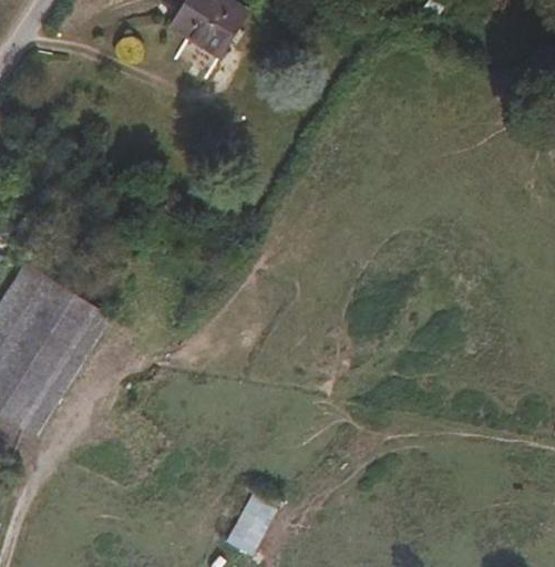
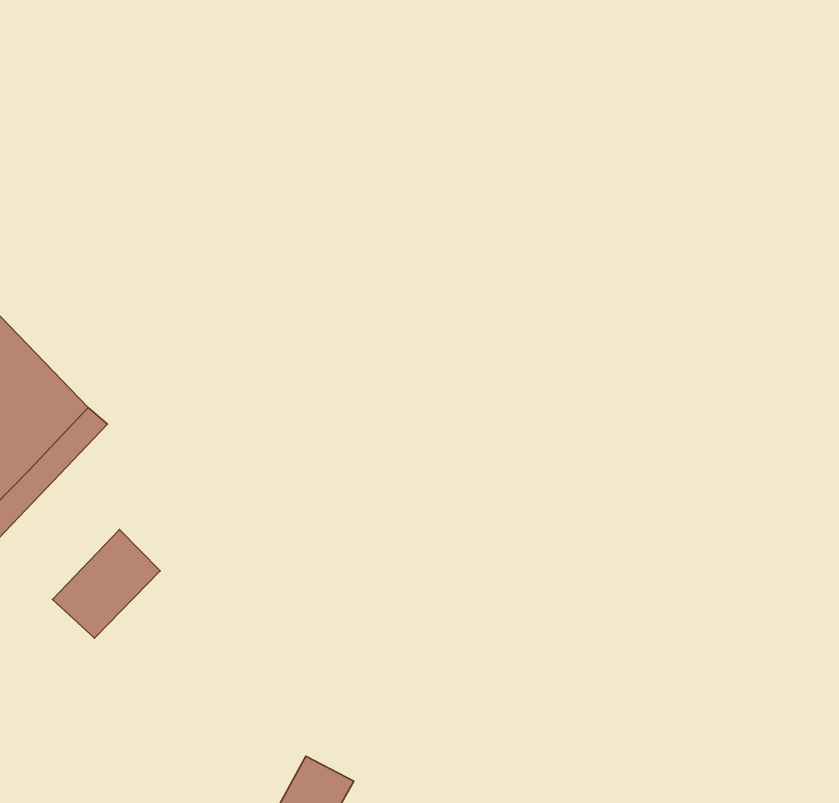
building: none -> [53,529,160,638]

